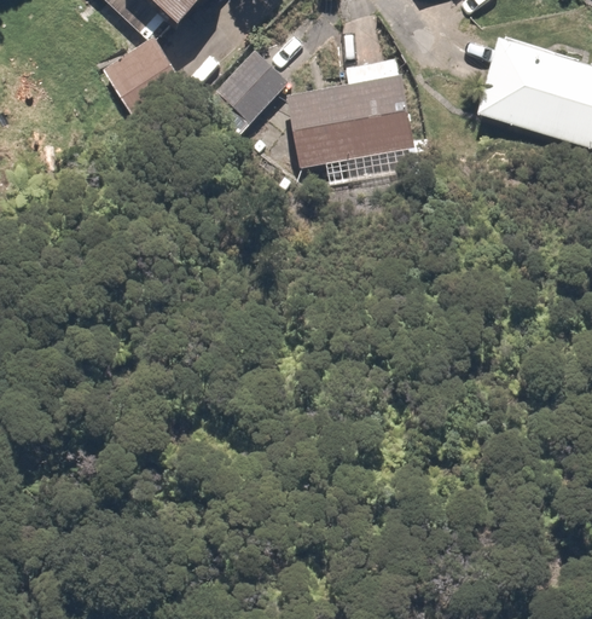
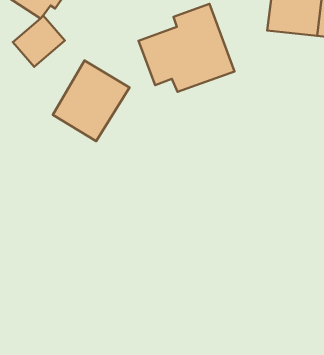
building: [215,46,282,112] -> none
building: none -> [53,61,129,141]

